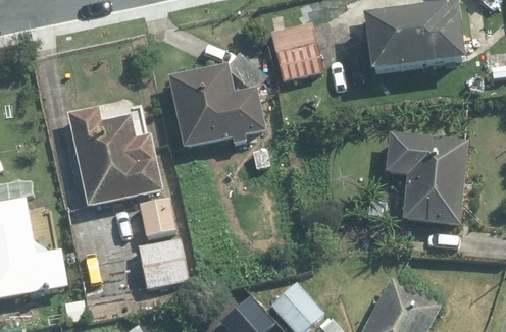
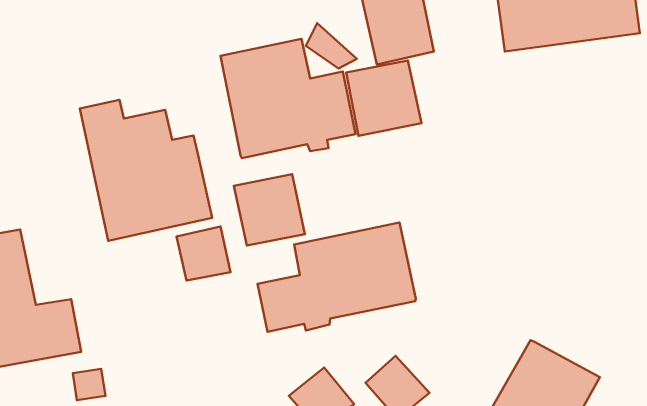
building: none -> [346,60,421,136]
building: [385,132,468,225] -> none
building: none -> [257,222,416,332]
building: [137,237,188,288] -> [234,174,305,245]

